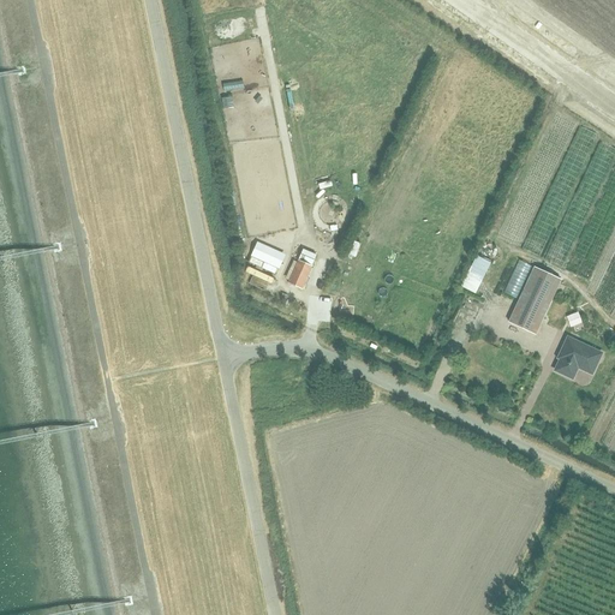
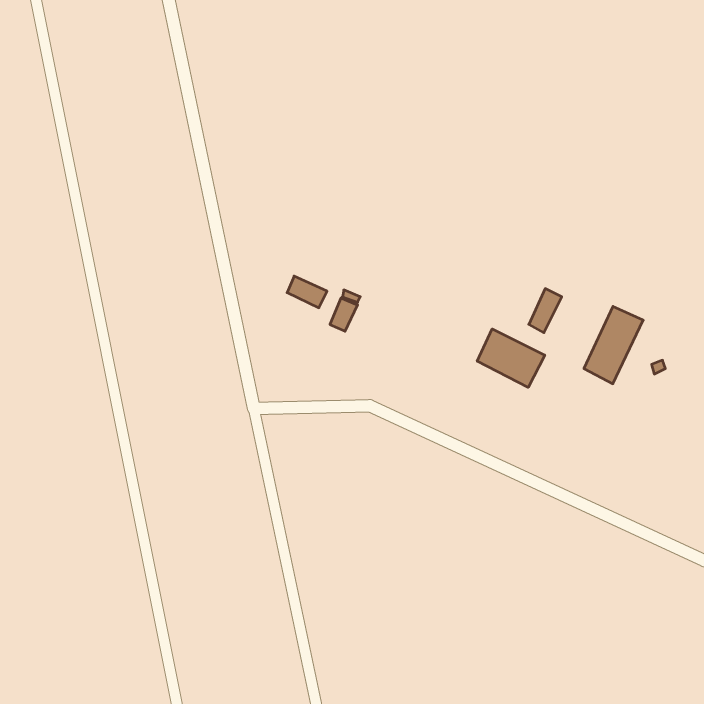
building: none -> [477,329,545,387]
building: [555,338,602,378] -> none

